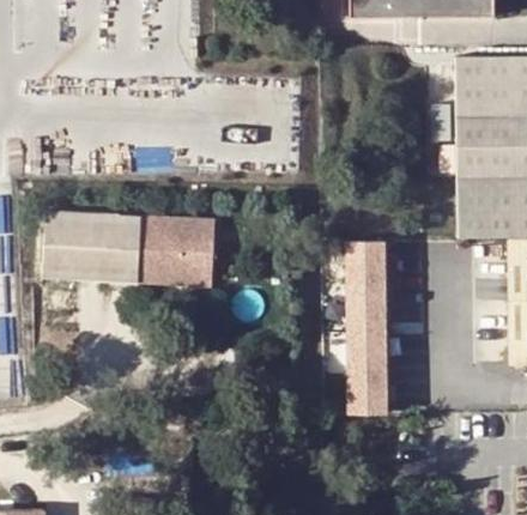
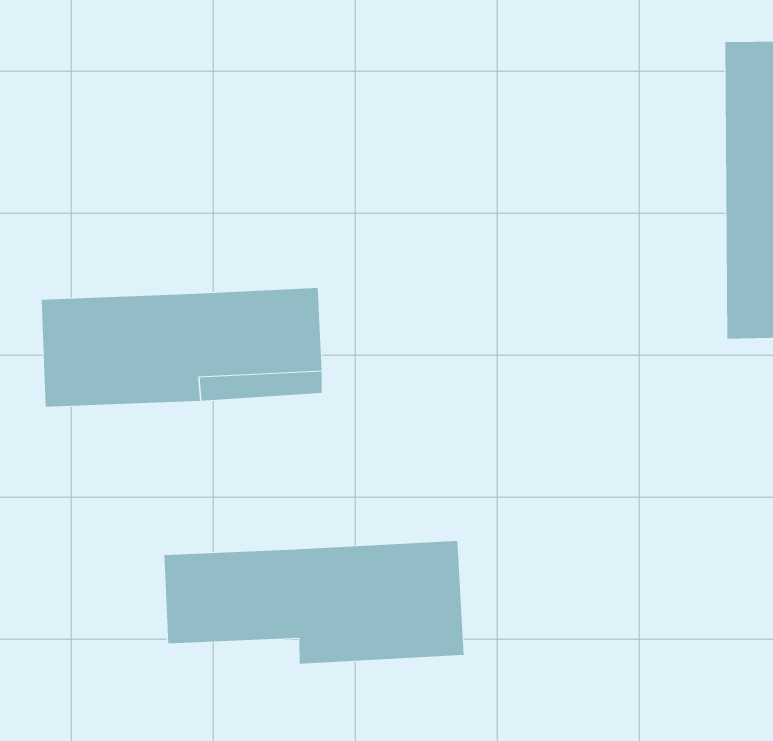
building: [344,247,387,416] -> none
building: none -> [164,540,464,664]

